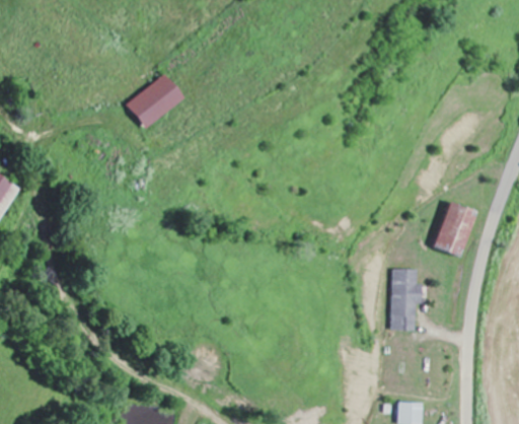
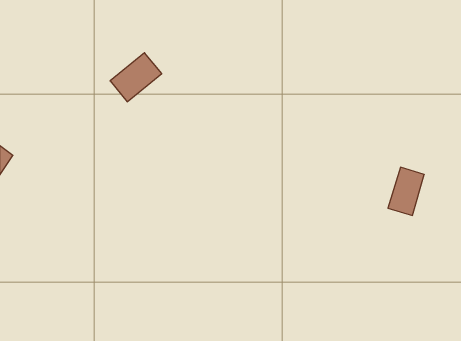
building: [391,269,421,330] -> none

